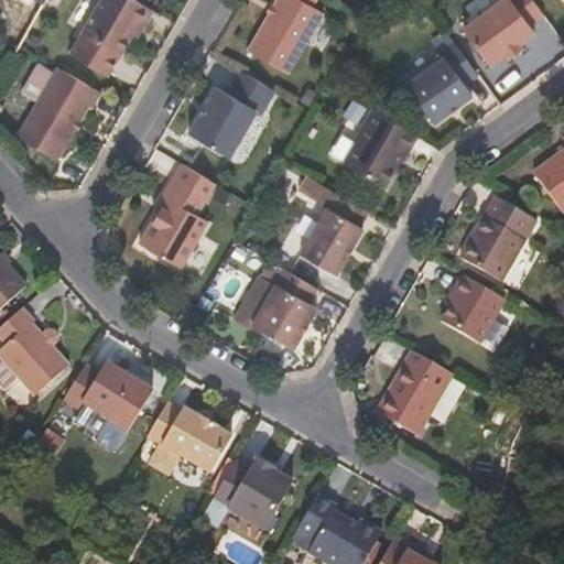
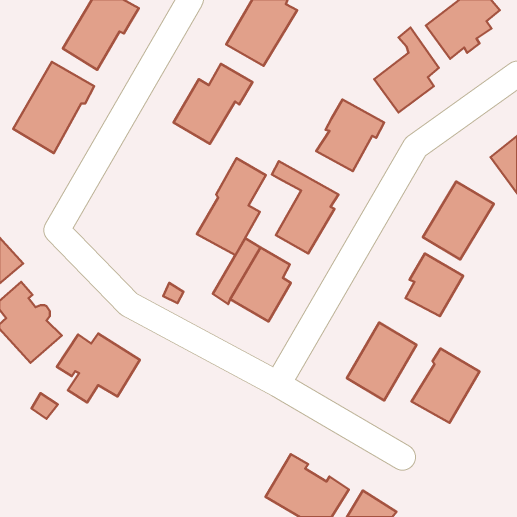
building: [139,163,214,269] -> [197,158,266,255]
building: none -> [411,349,479,423]
building: [147,403,231,474] -> none
building: [216,456,291,531] -> none

